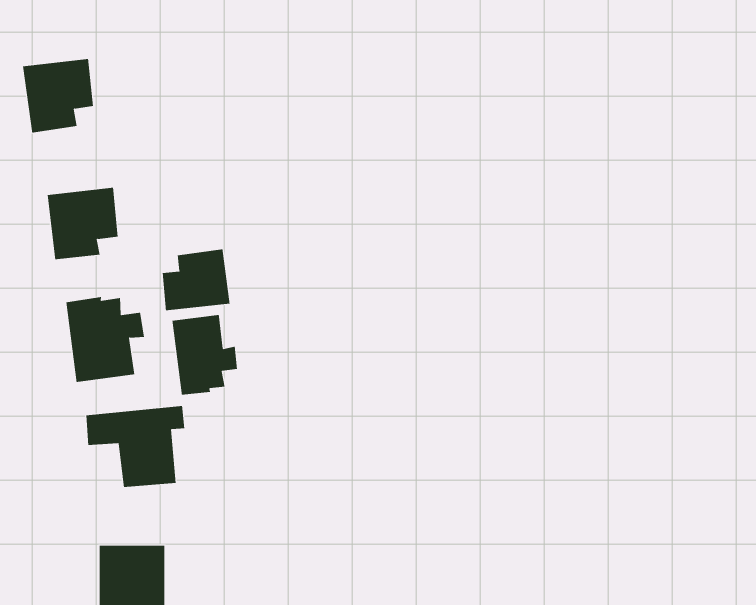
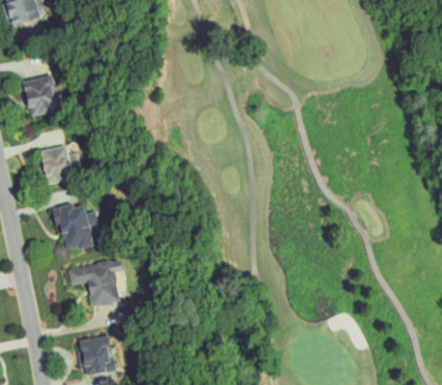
building: [162,248,230,311] -> none
building: [172,314,238,396] -> none

